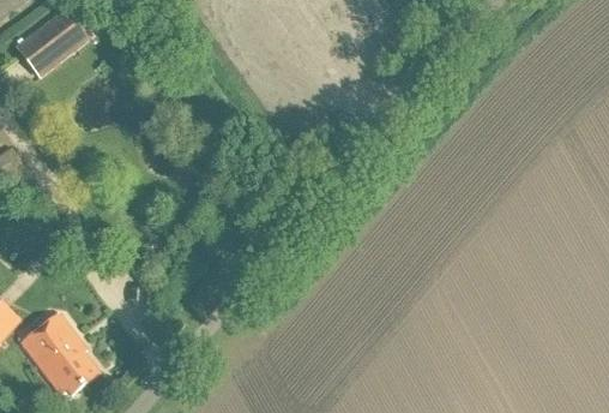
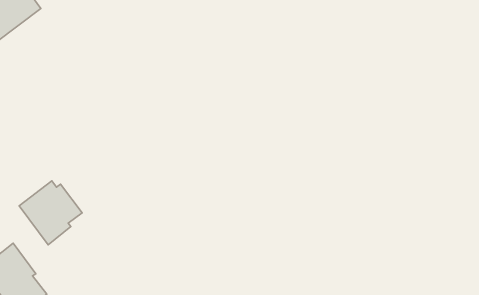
building: none -> [19,181,82,245]

